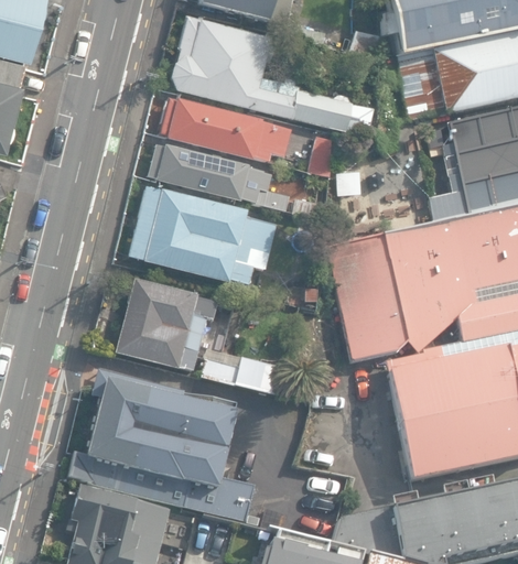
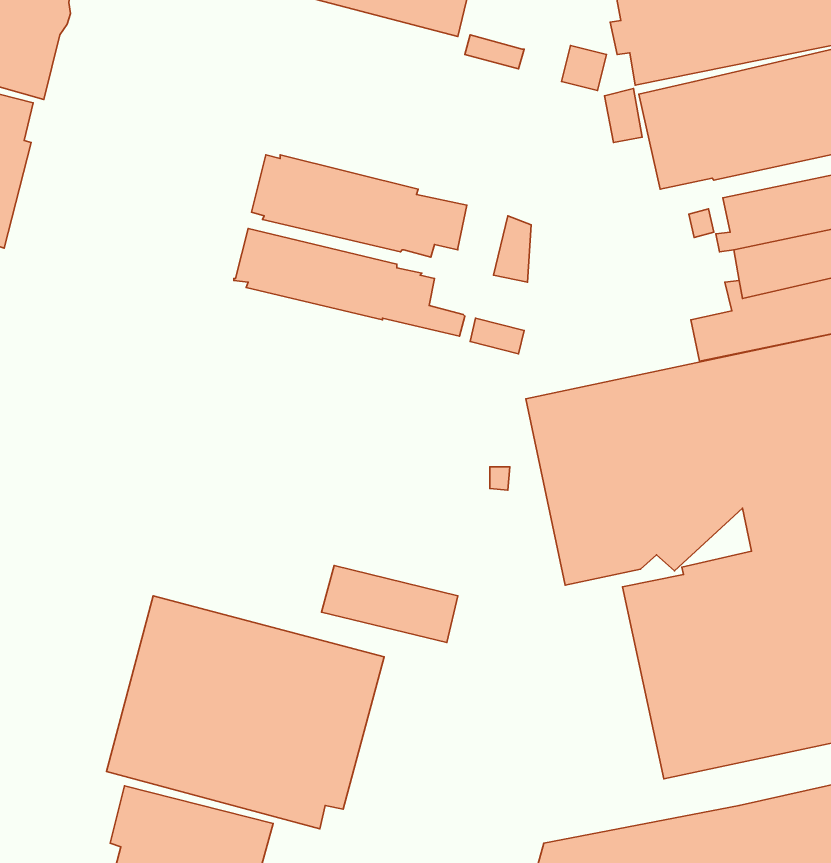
building: [171,18,374,134] -> none
building: [129,185,277,283] -> none
building: [117,279,219,370] -> none

